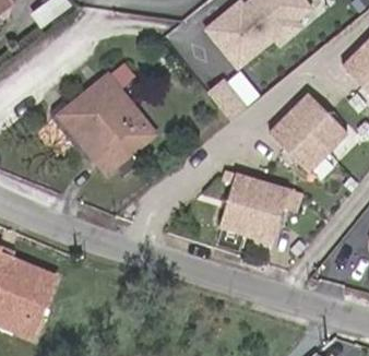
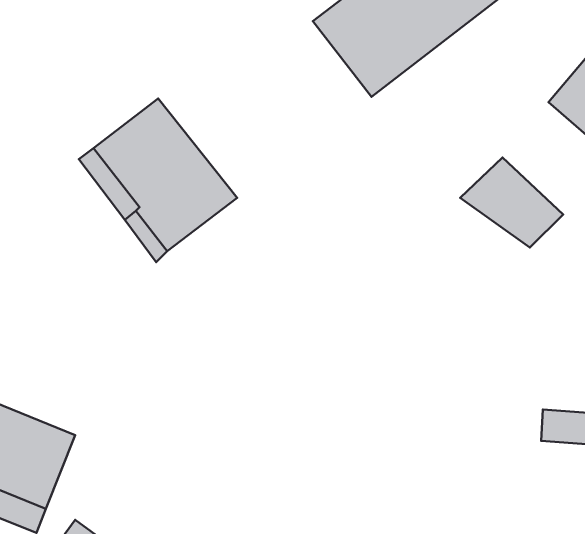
building: [273,103,331,180] -> none
building: [218,169,285,238] -> none

